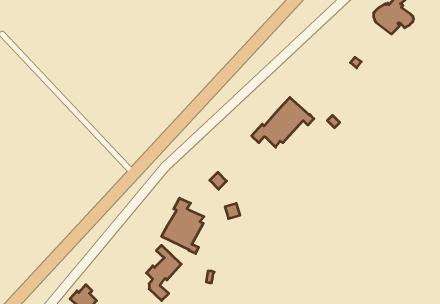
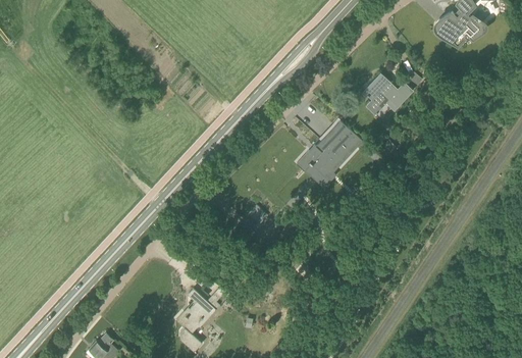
building: none -> [363,73,411,109]
building: [162,198,204,254] -> none

